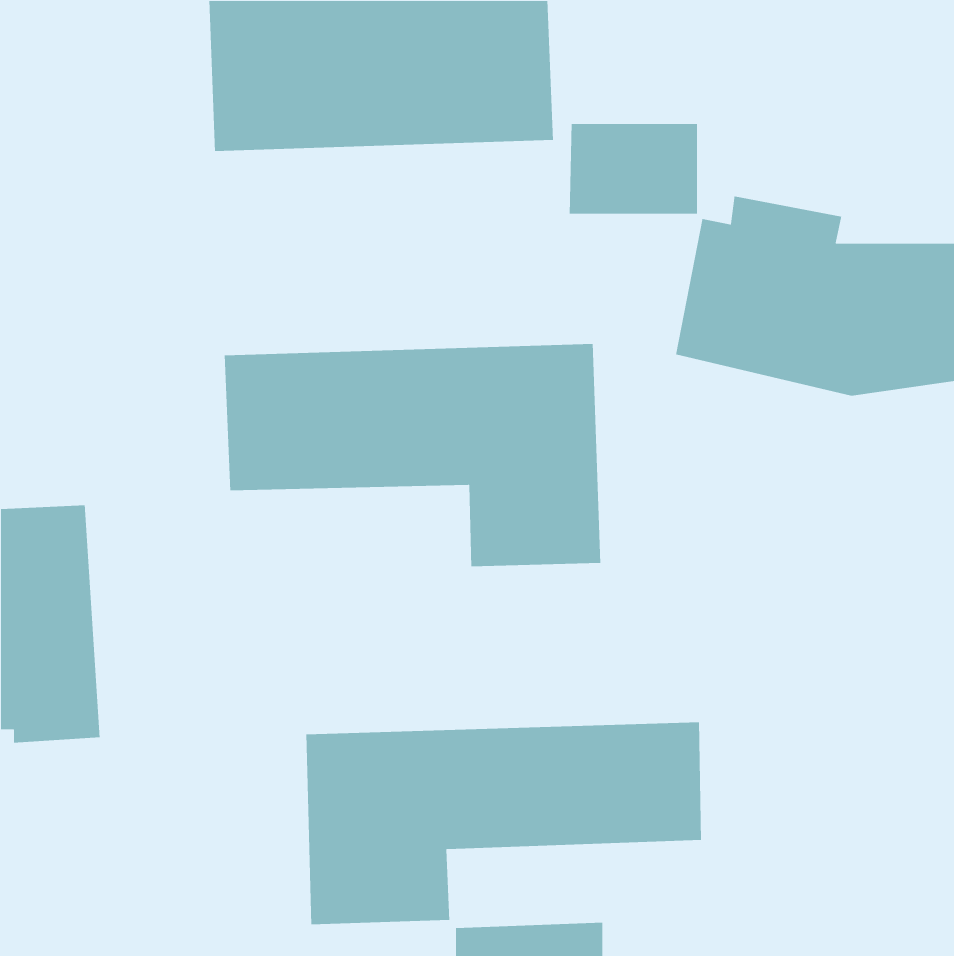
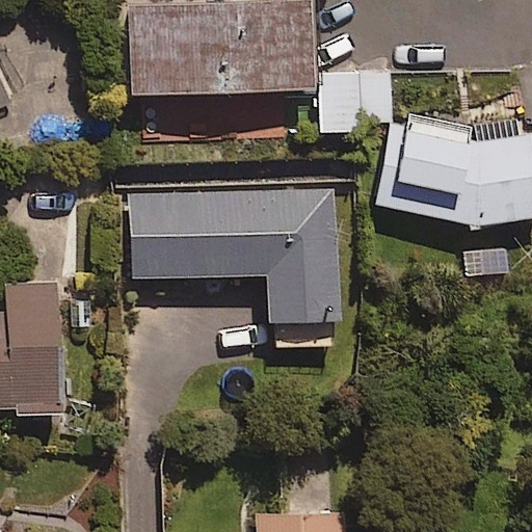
building: [306,722,702,925] -> none

